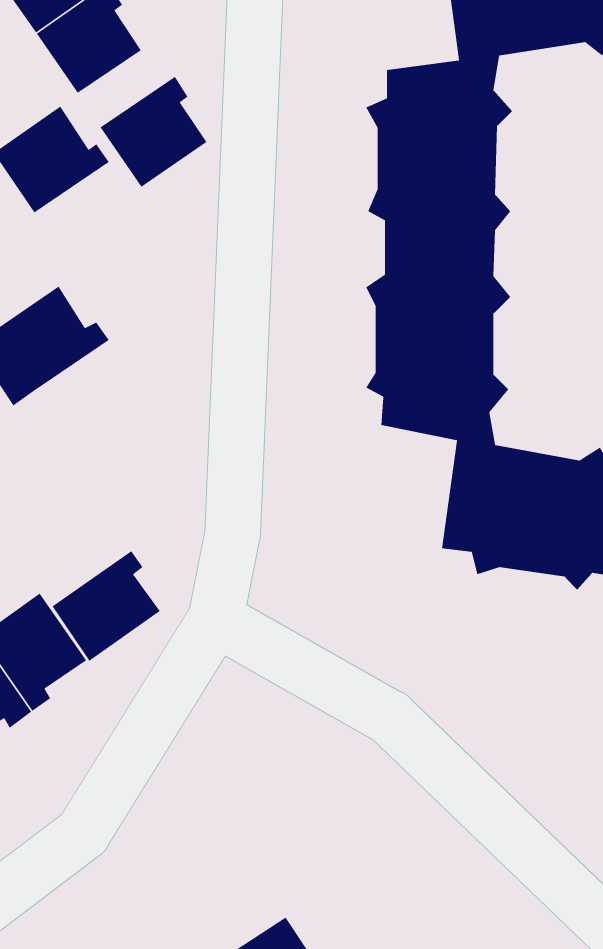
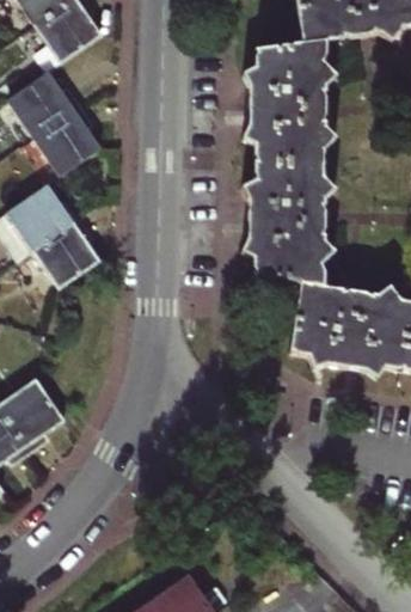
building: [100,76,207,188] -> [32,105,100,176]
building: none -> [32,218,100,289]
building: [51,550,161,662] -> none

